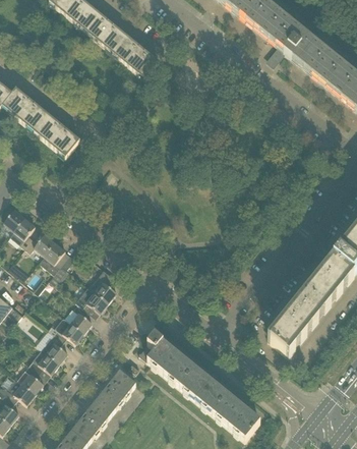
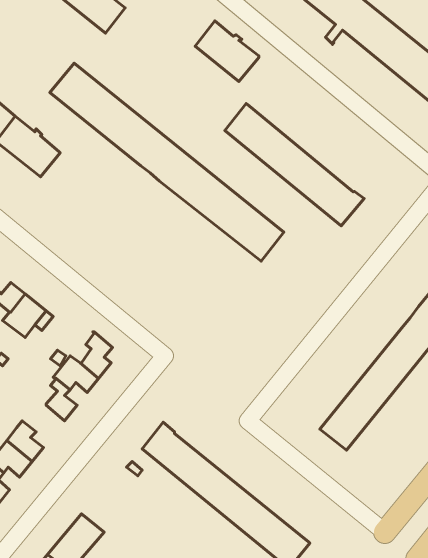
building: [113,34,159,77] -> [195,21,259,81]
building: none -> [50,63,284,261]
building: none -> [225,104,364,226]
building: [53,315,83,342] -> none
building: [96,369,136,412] -> none

